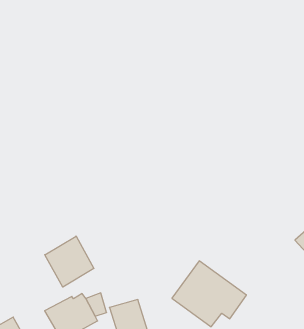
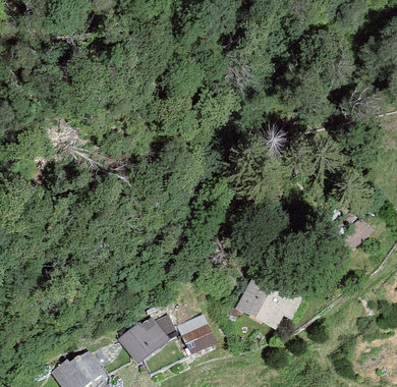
building: [45,236,94,287] -> none

